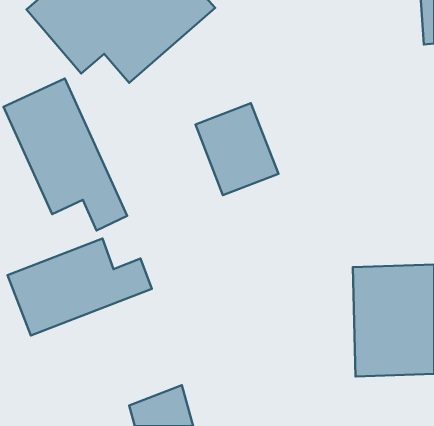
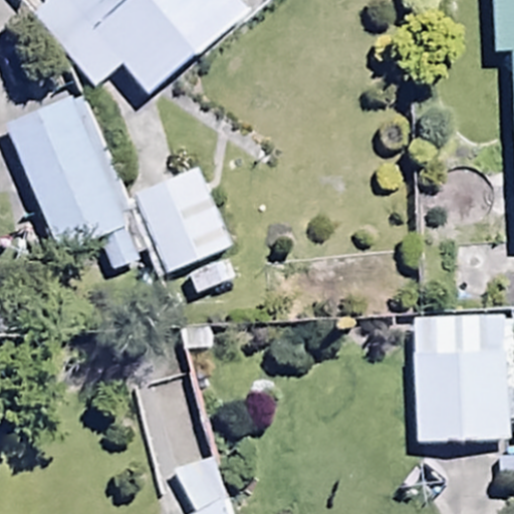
building: [195,103,278,195] -> [135,165,232,273]
building: [8,239,152,336] -> none

